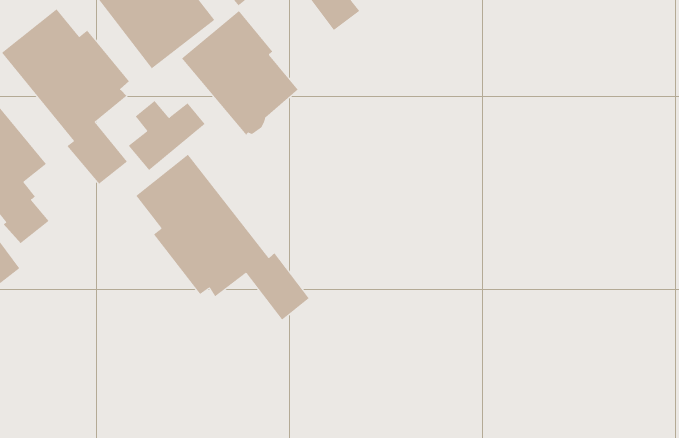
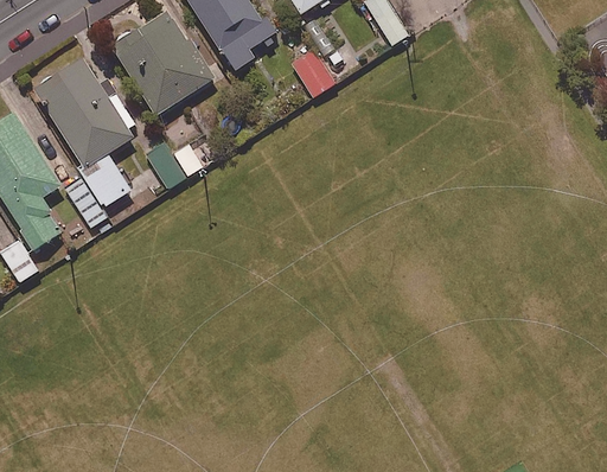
building: [181,10,299,135] -> none
building: [135,154,309,320] -> none

